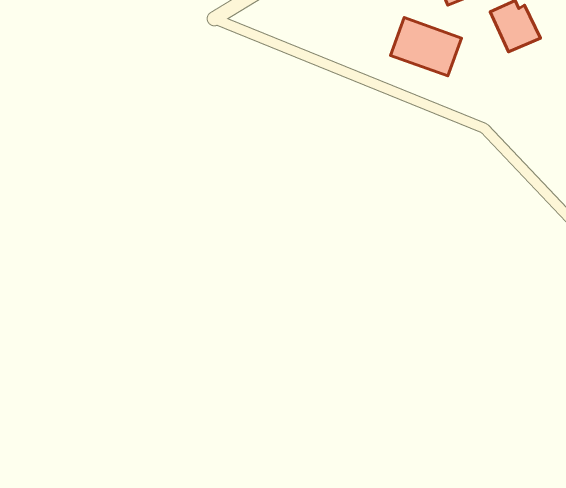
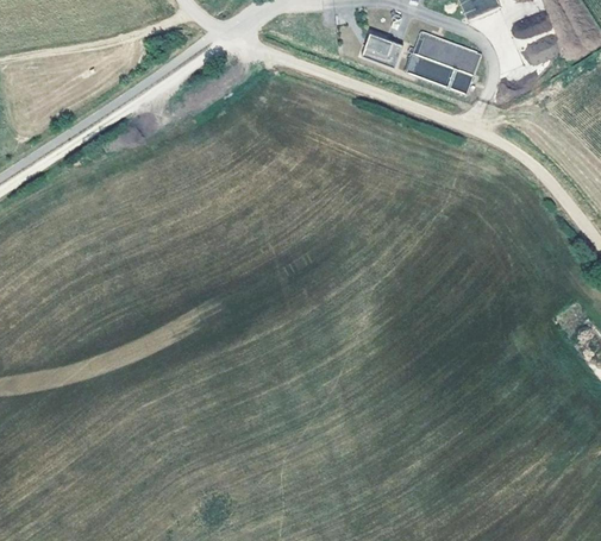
building: none -> [361,32,402,68]

